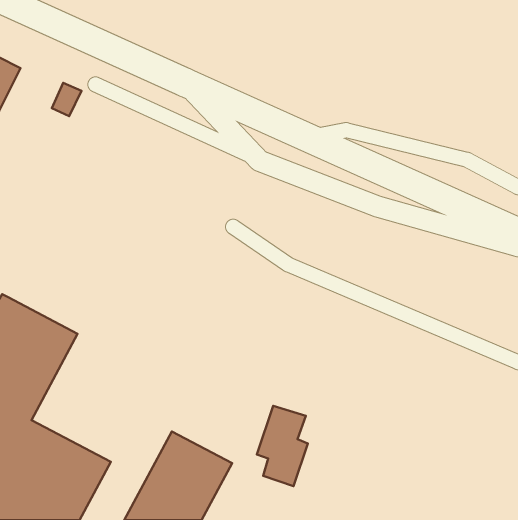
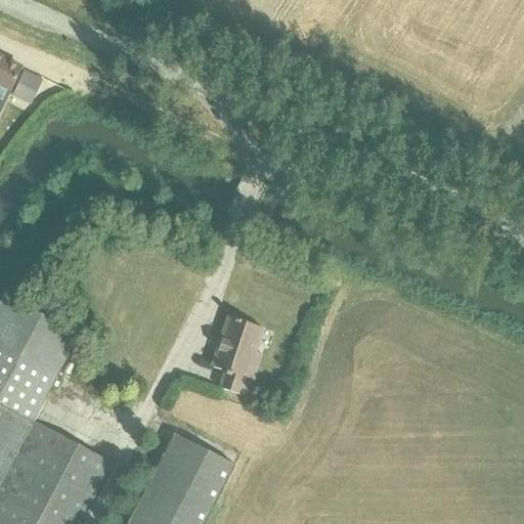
building: [52,83,81,116] -> [10,70,40,103]
building: [257,406,308,486] -> [211,318,262,399]

